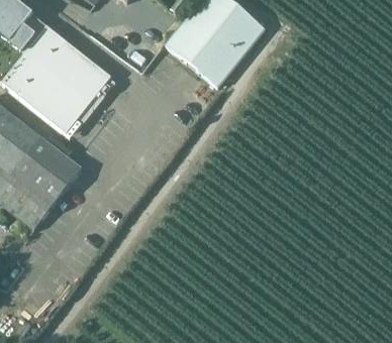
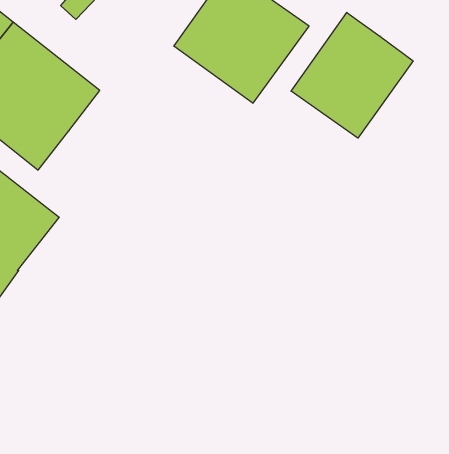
building: none -> [291,12,413,138]

